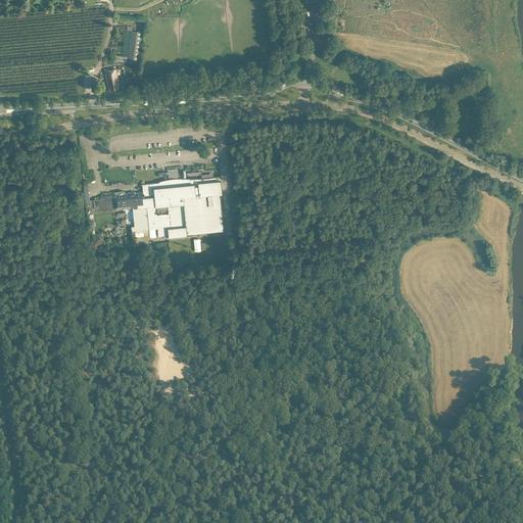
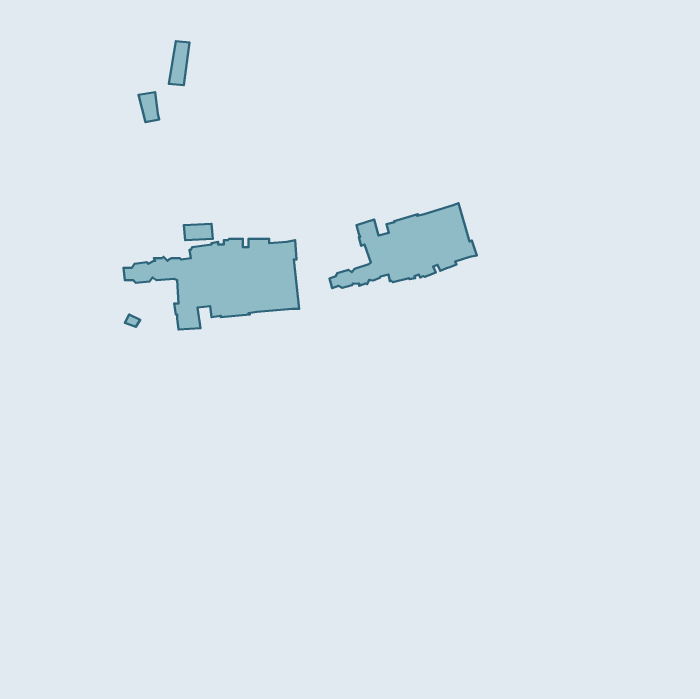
building: none -> [329,203,477,288]

